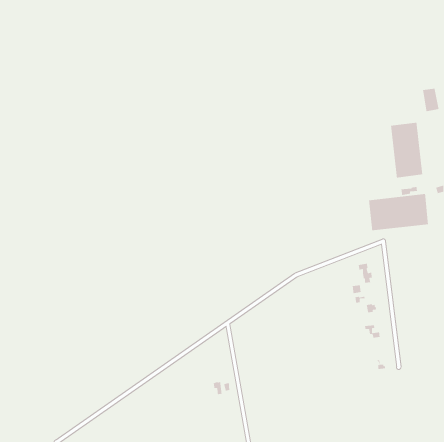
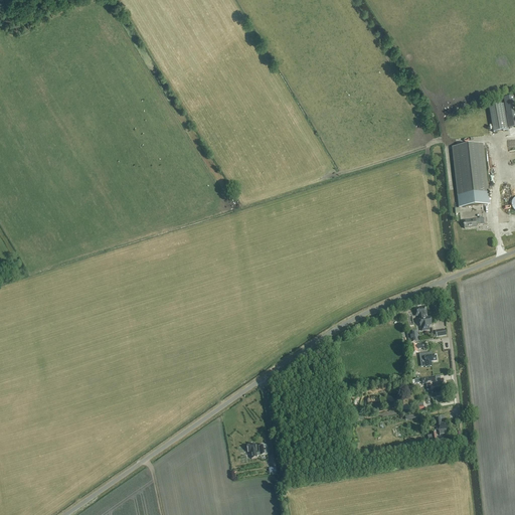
building: [368,193,429,231] -> none

